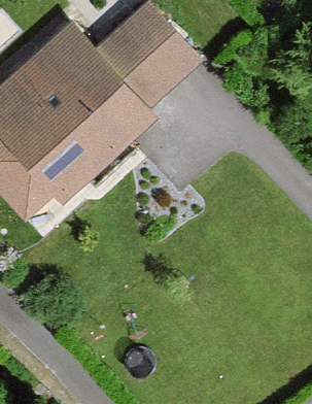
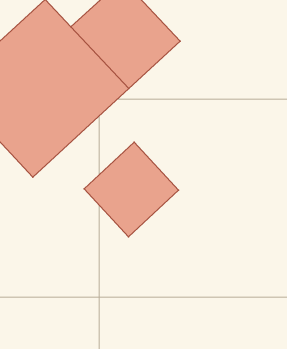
building: none -> [84,142,178,237]

